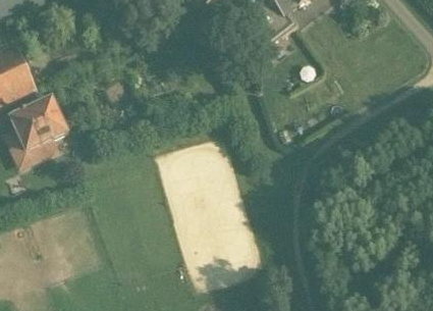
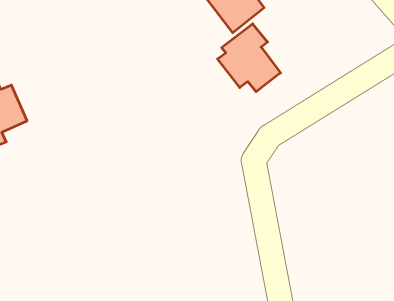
building: none -> [218,24,281,92]

